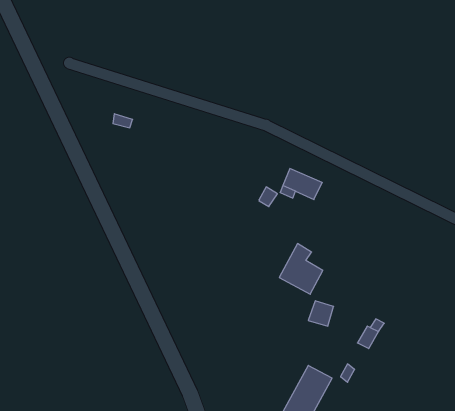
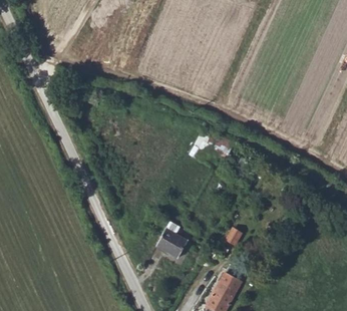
building: [279,244,323,294] -> [155,222,187,258]

